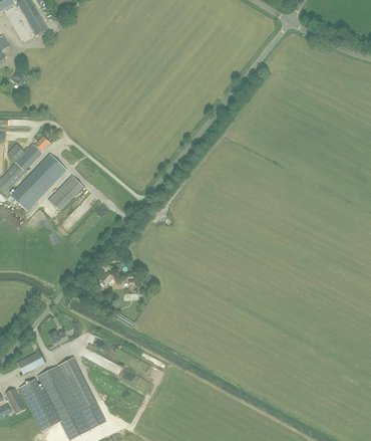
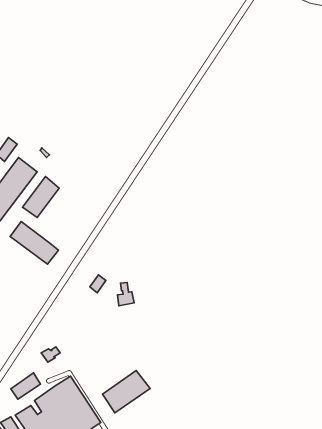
building: none -> [10,221,59,264]
building: none -> [102,371,150,413]

